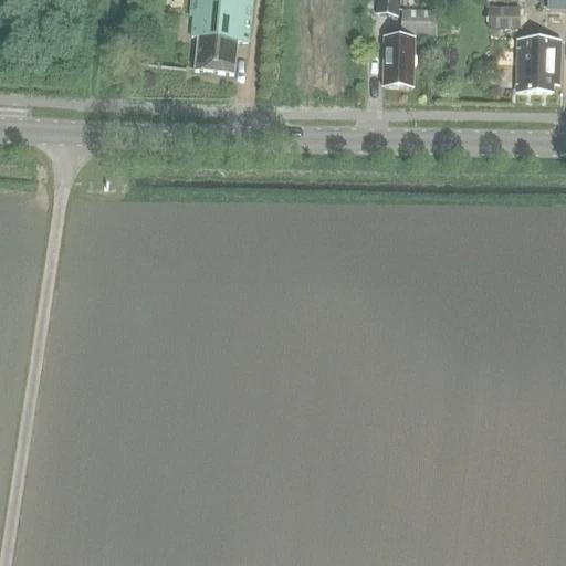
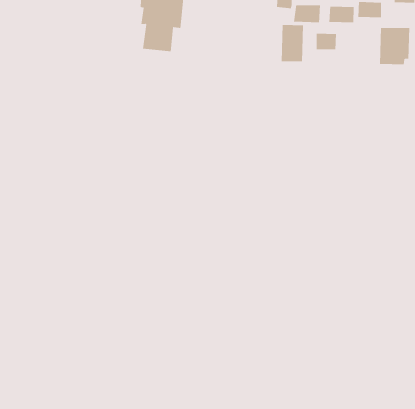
building: none -> [329,6,354,23]
building: none -> [316,33,337,50]

